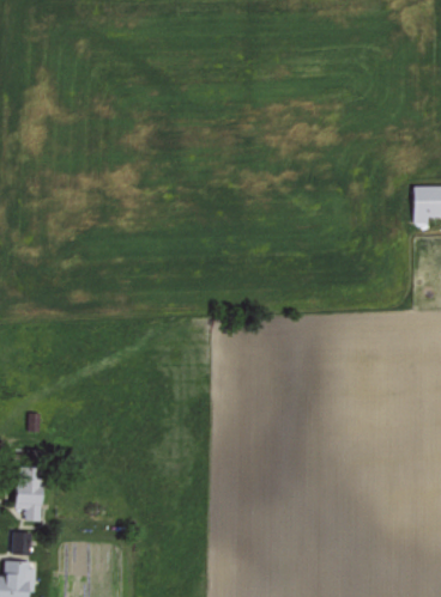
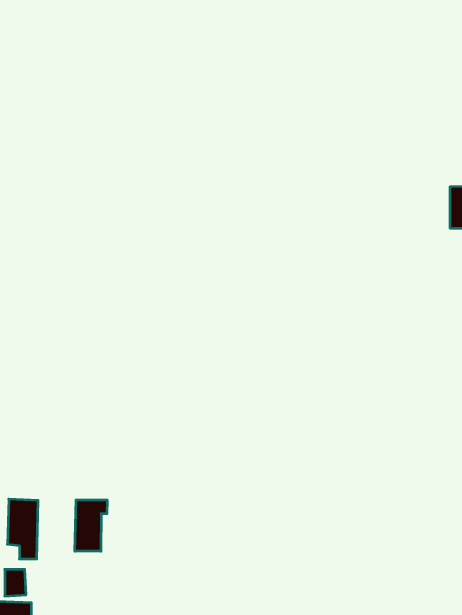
building: none -> [75,500,107,551]

